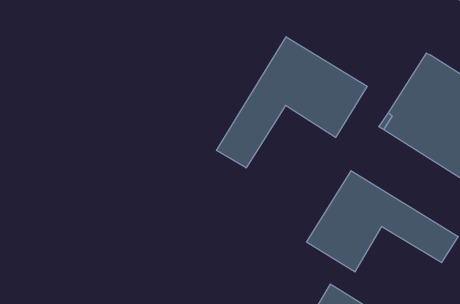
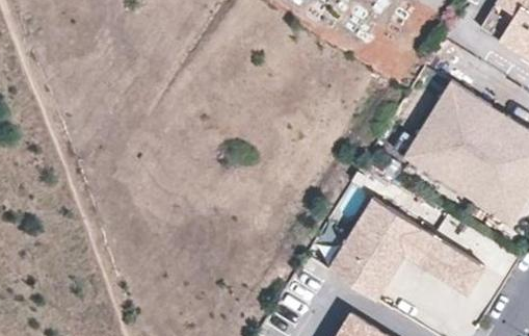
building: [216,37,367,168] -> none

